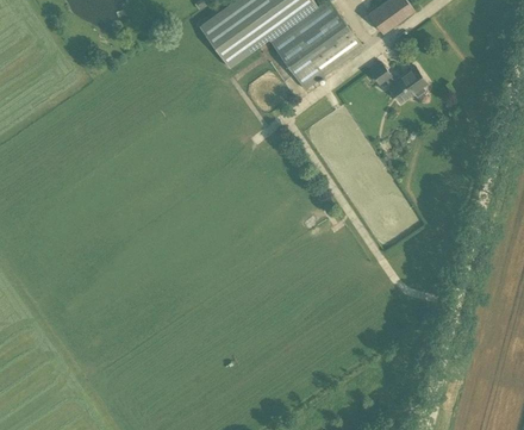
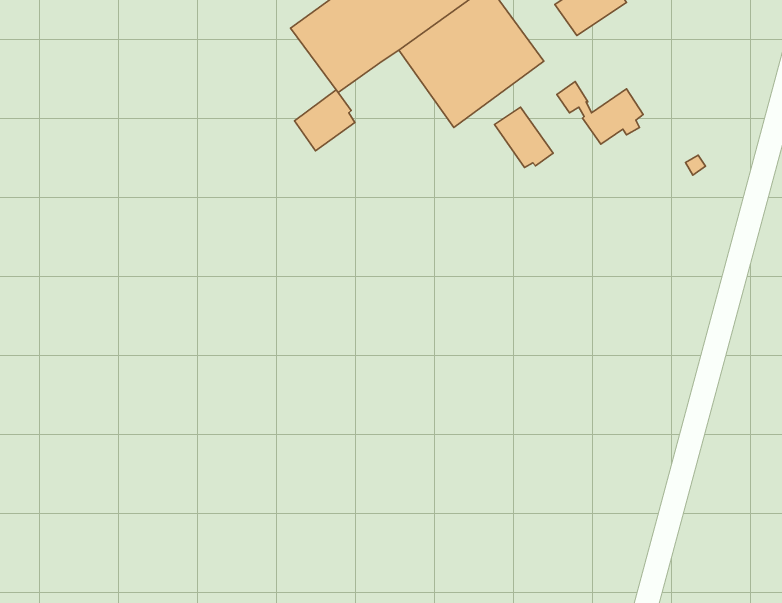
building: none -> [294,90,355,151]
building: none -> [495,107,553,168]

